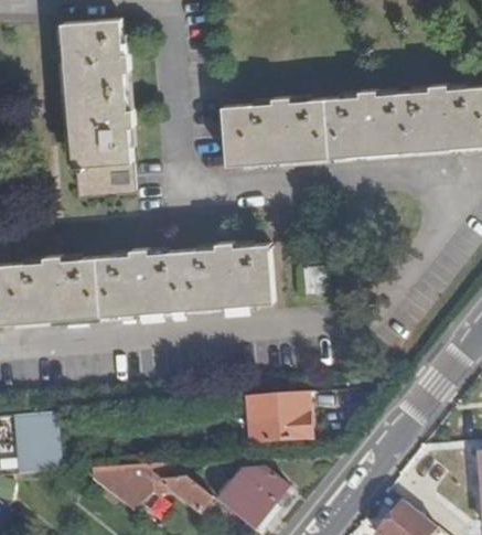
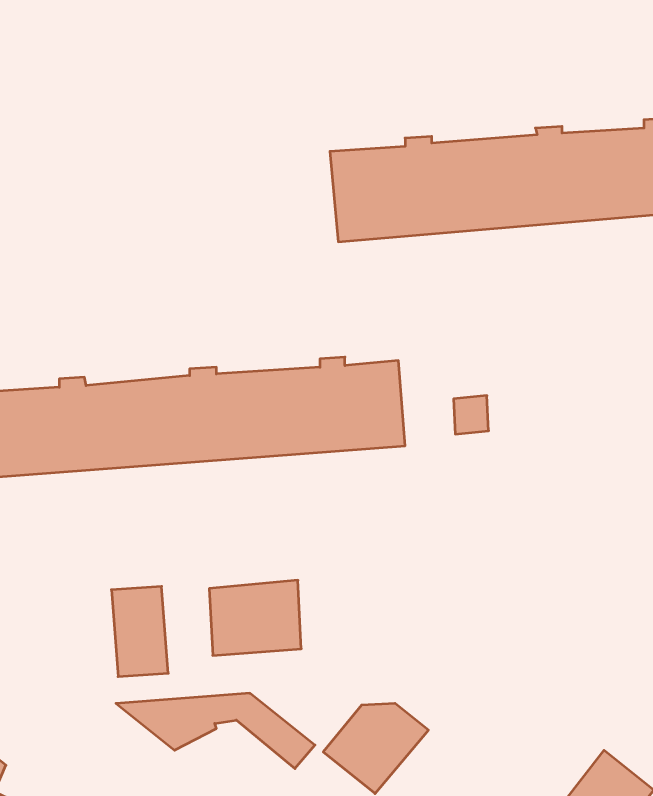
building: [62,19,133,196] -> none
building: [248,395,309,445] -> [209,580,301,655]
building: [23,415,61,474] -> [111,586,168,677]

